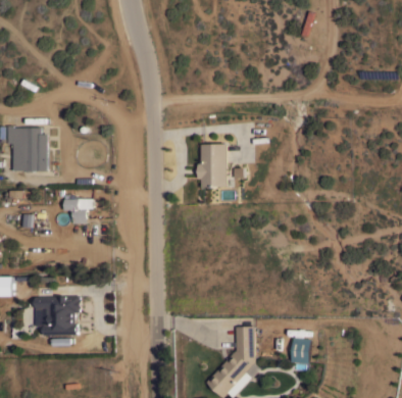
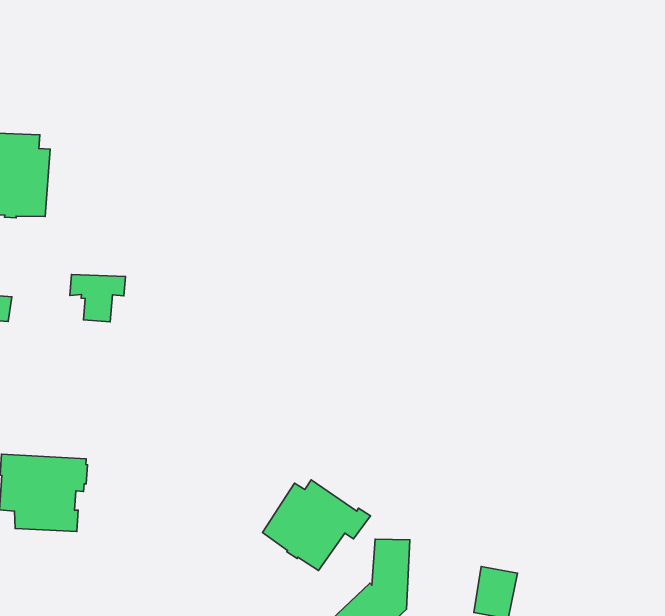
building: [197,144,228,188] -> none
building: none -> [263,480,371,570]

